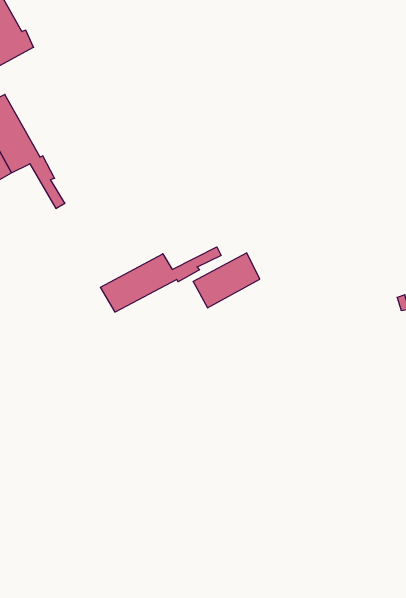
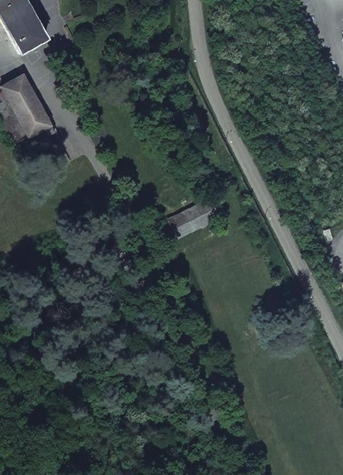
building: [100,247,221,312] -> none

